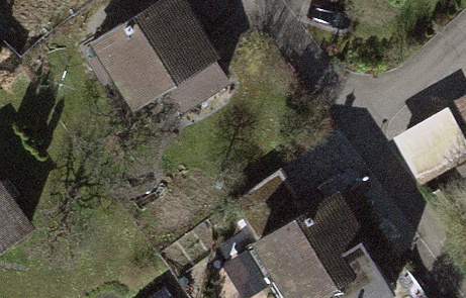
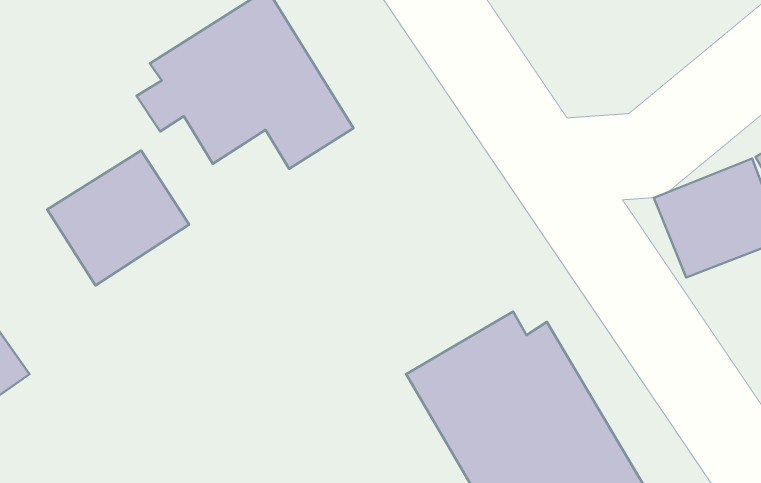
building: none -> [47,151,189,285]

